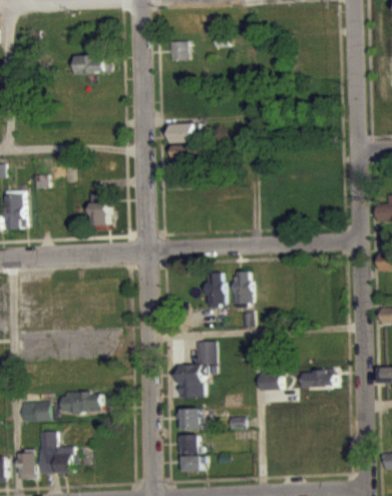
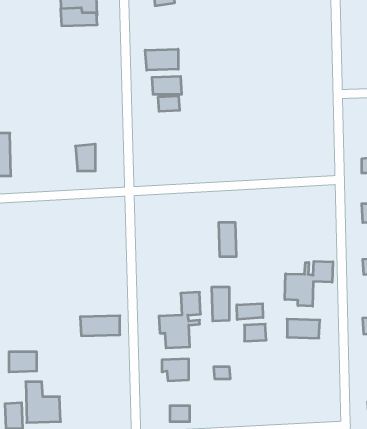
building: none -> [145,49,178,70]
building: [204,273,222,307] -> [212,287,229,321]
building: none -> [285,261,333,306]
building: none -> [237,304,263,320]
building: [60,393,100,413] -> [80,316,120,336]
building: [176,435,200,454] -> none

